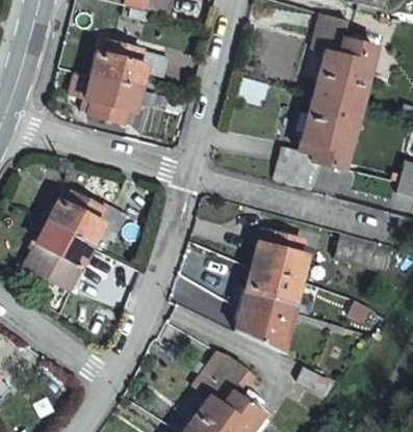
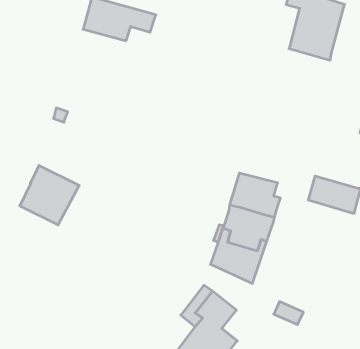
building: [86,75,139,122] -> none
building: [278,96,361,188] -> none
building: [45,188,124,244] -> none

